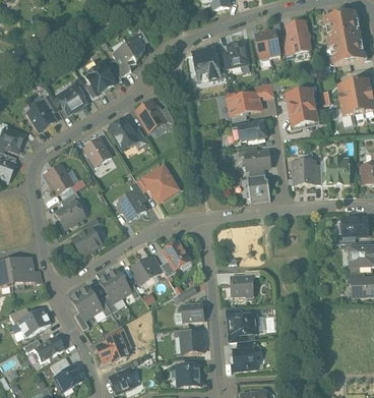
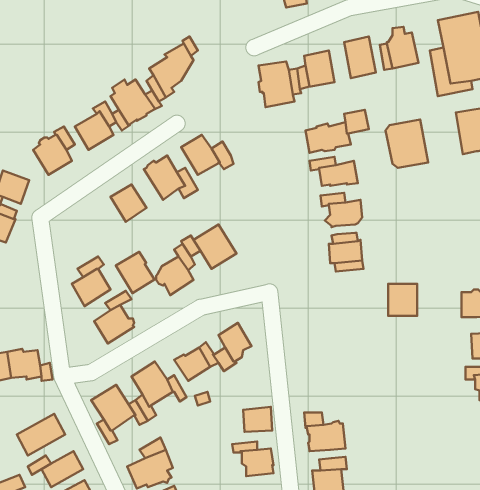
building: [327,157,350,183] -> none
building: [294,161,315,184] -> [388,284,417,316]
building: [44,165,72,195] -> [116,252,154,293]
building: [231,276,253,295] -> none

